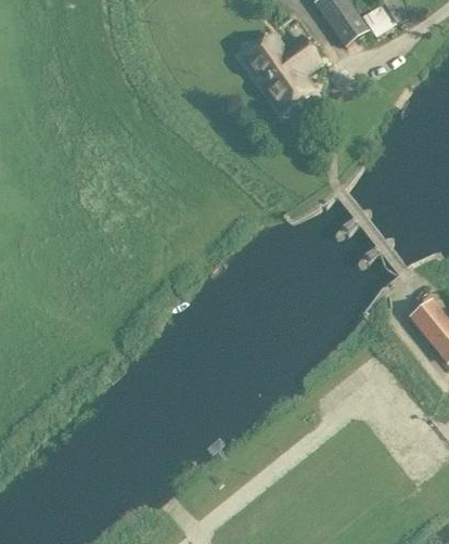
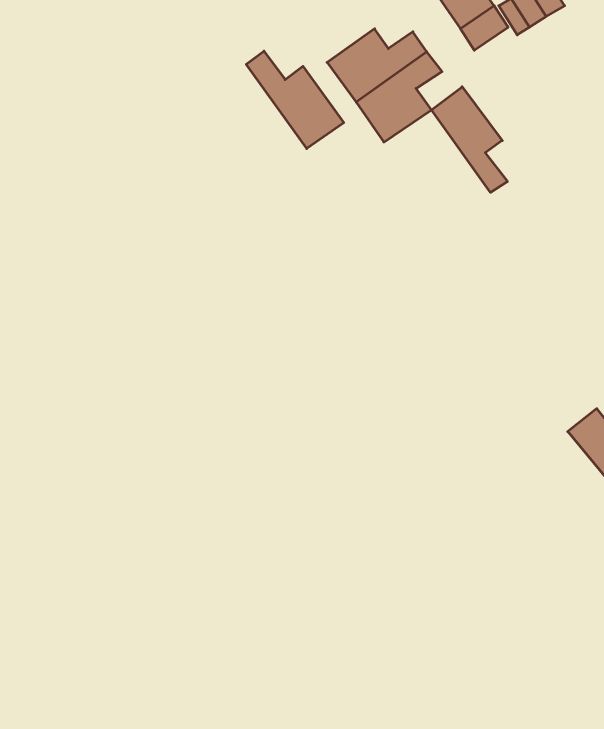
building: none -> [246,51,344,149]
building: none -> [431,87,507,192]

